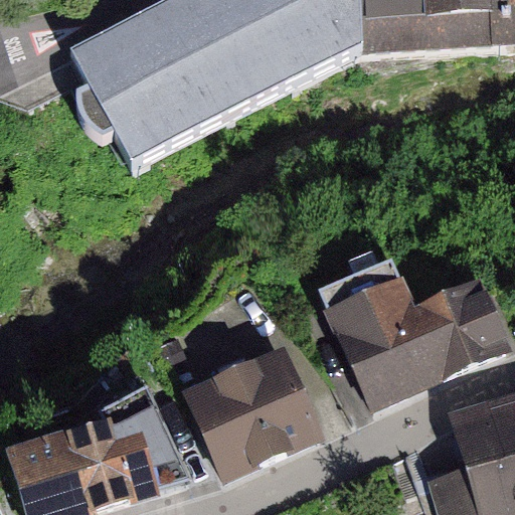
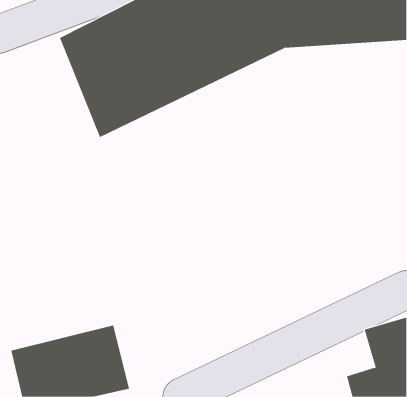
building: [327,279,498,403] -> none
building: [192,347,319,472] -> none

